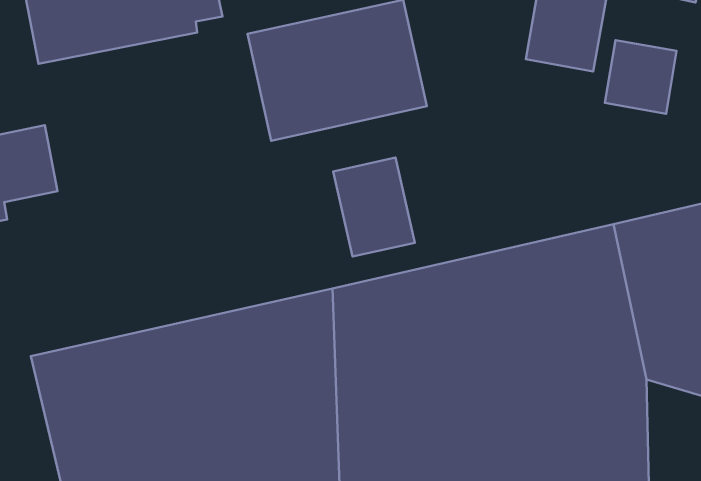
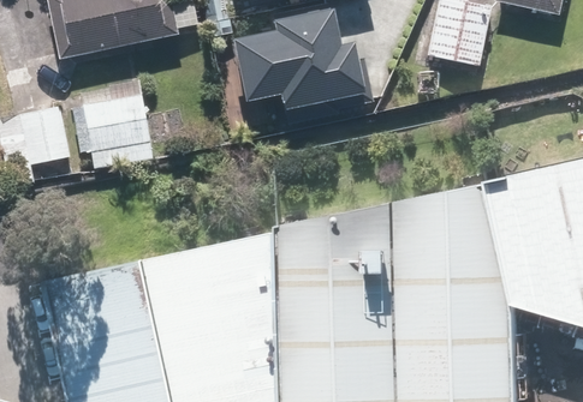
building: [605,40,677,114] -> none
building: none -> [82,79,154,170]
building: [333,158,415,257] -> none

